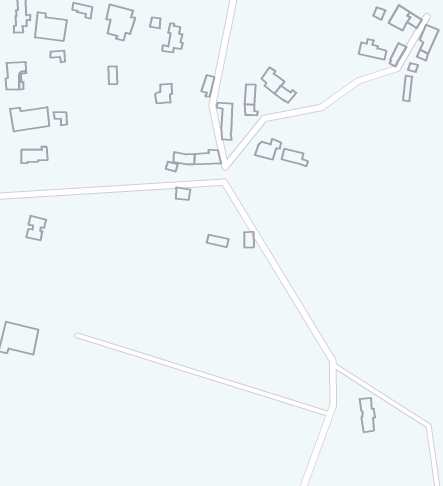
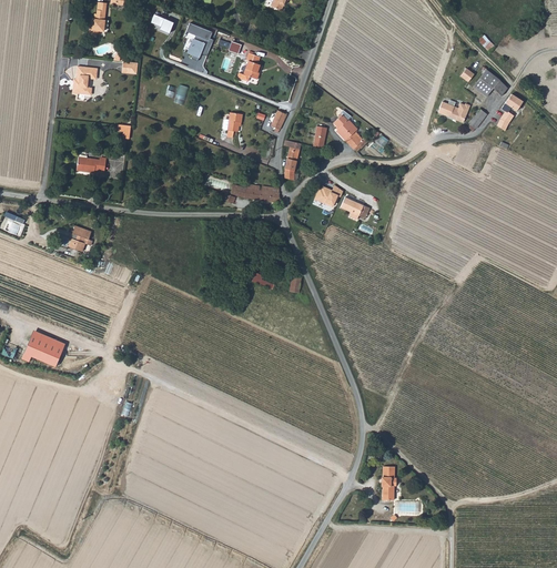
building: [35,12,67,41] -> none
building: [10,107,49,132] -> none

